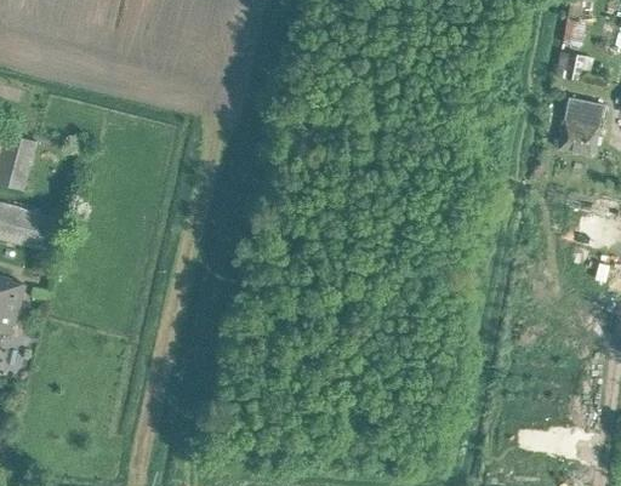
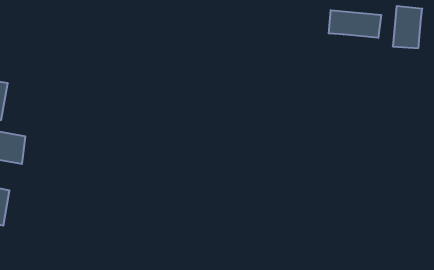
building: none -> [329,10,381,38]

